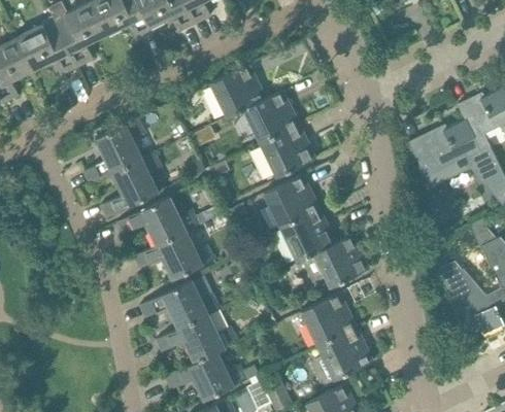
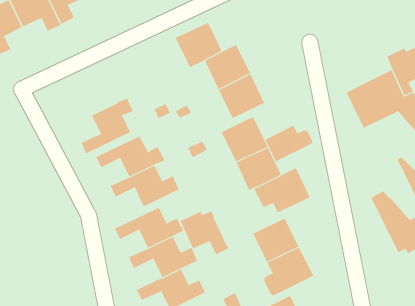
building: [83,118,145,184] -> none
building: none -> [265,125,313,162]
building: none -> [180,210,230,255]

